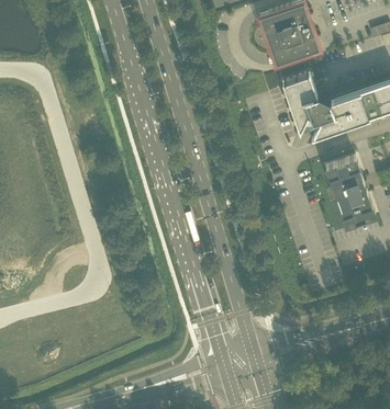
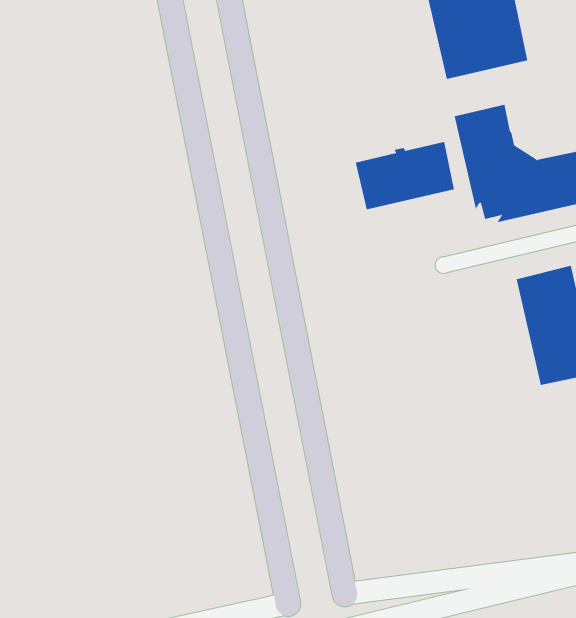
building: none -> [355,141,455,210]

